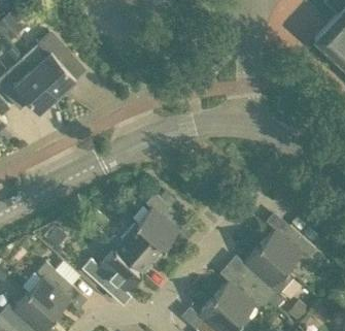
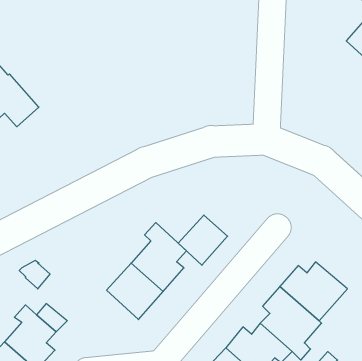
building: [32,33,75,96] -> none
building: none -> [178,215,228,265]
building: [81,250,140,292] -> none

